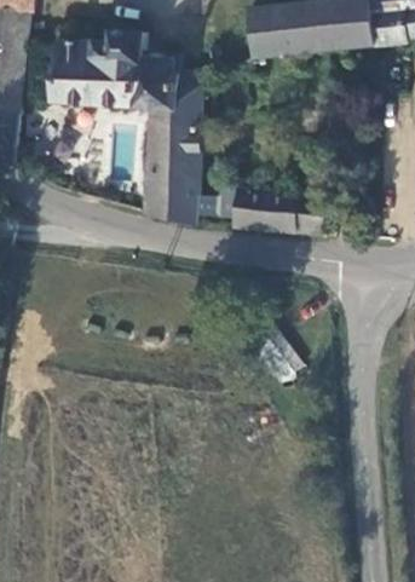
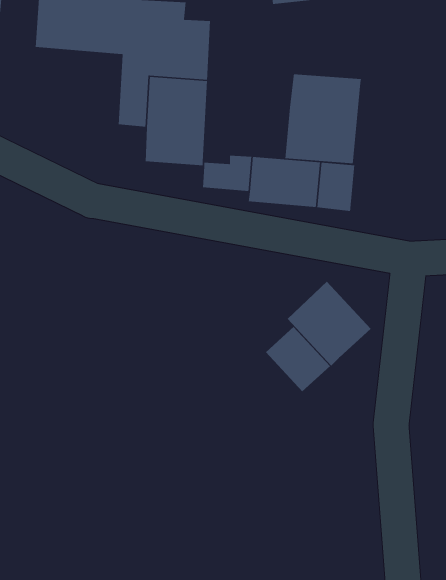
building: none -> [285,73,362,164]
building: [146,190,197,223] -> none
building: none -> [287,281,371,367]

